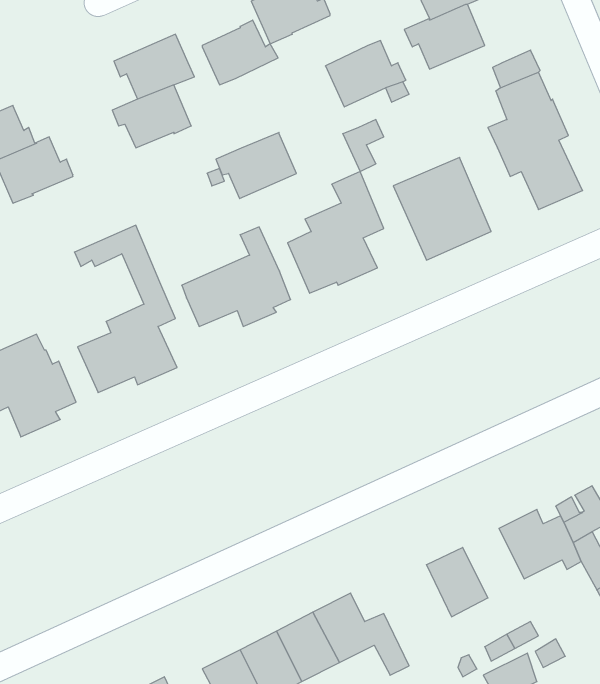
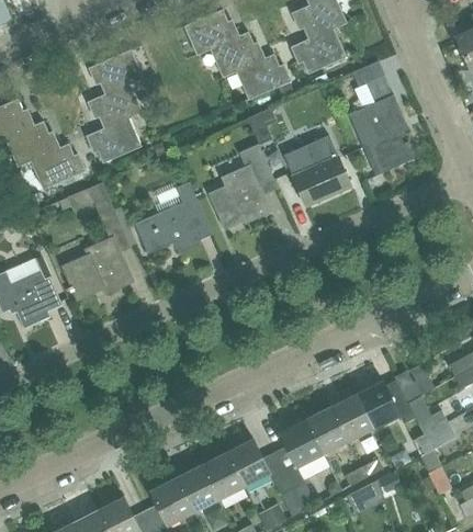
building: [202,20,278,85] -> [212,32,264,77]
building: [216,132,296,199] -> [86,118,142,165]
building: none -> [31,144,85,190]
building: none -> [330,394,373,442]
building: none -> [275,419,323,489]

